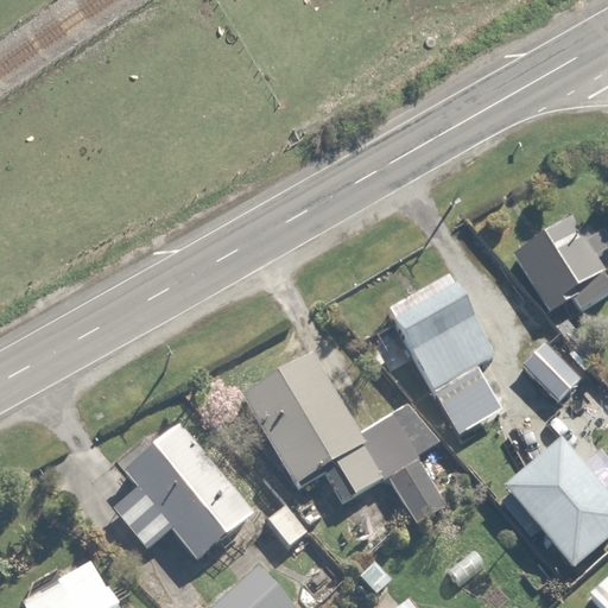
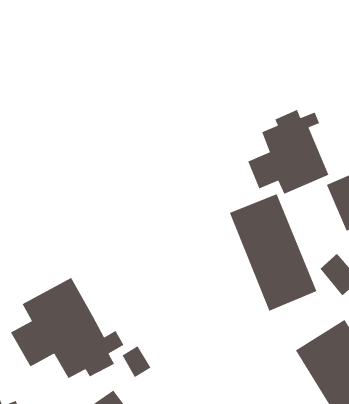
building: none -> [247,109,330,195]
building: [245,350,445,525] -> none

